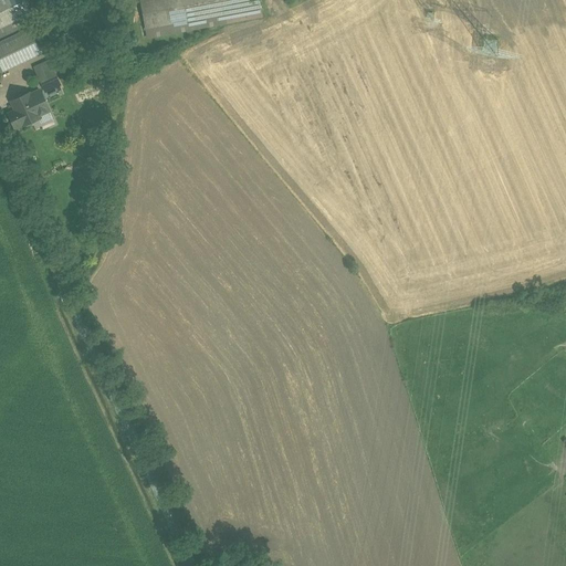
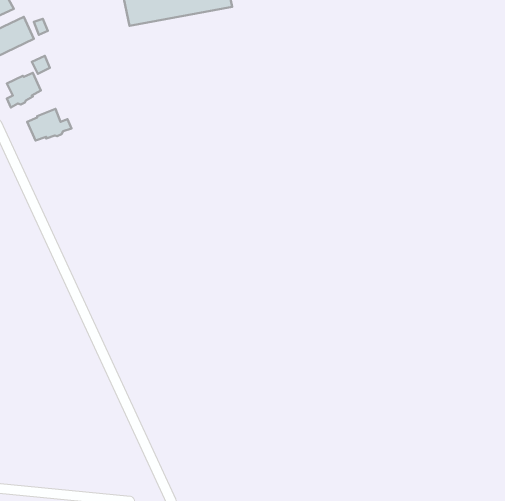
building: none -> [27,109,72,141]

